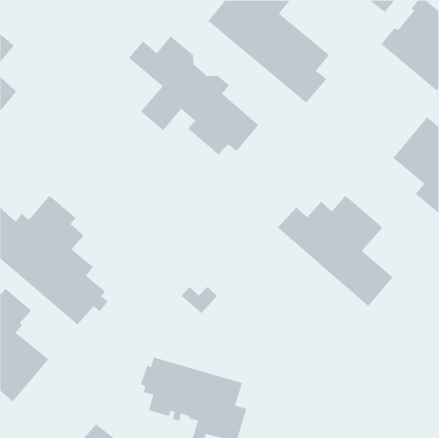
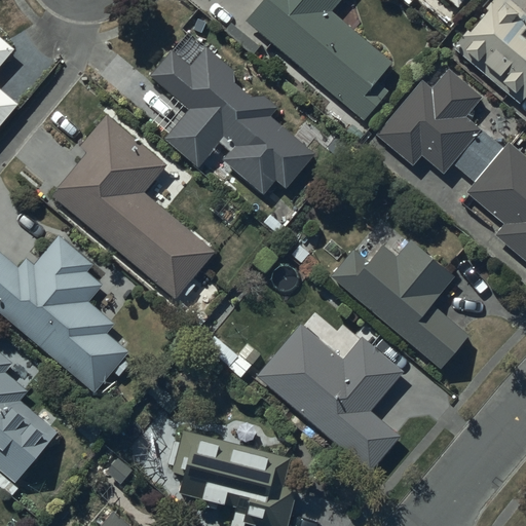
building: none -> [377,72,502,185]
building: none -> [49,114,213,295]
building: none -> [257,313,404,469]

